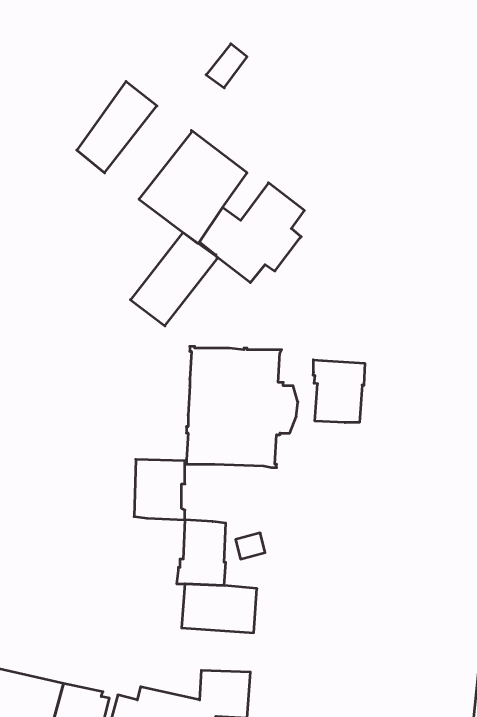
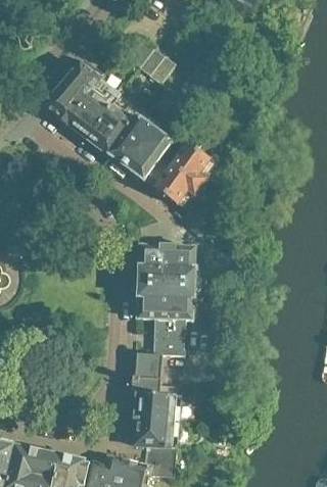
building: none -> [45,60,101,125]
building: [130,233,217,326] -> [85,95,139,153]
building: [313,360,365,423] -> none
building: [134,459,185,520] -> [152,319,184,356]
building: none -> [131,421,178,448]

